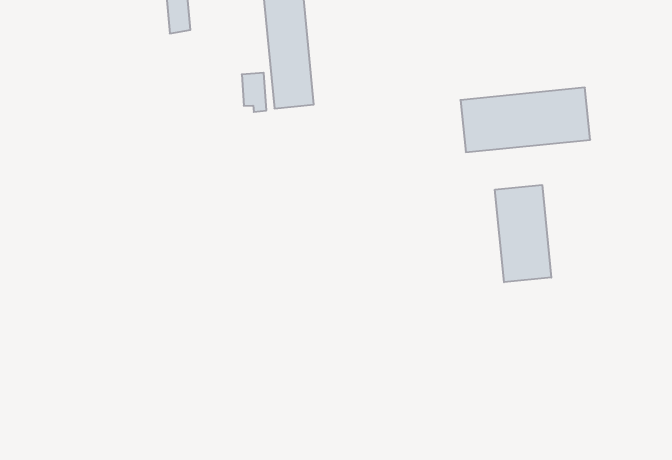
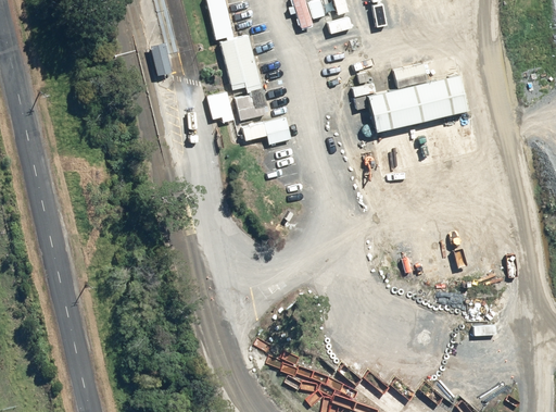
building: none -> [245,120,293,147]
building: [495,185,551,282] -> none

